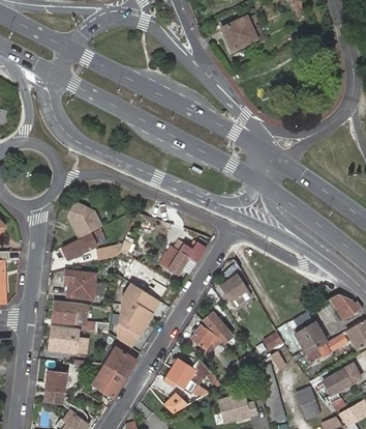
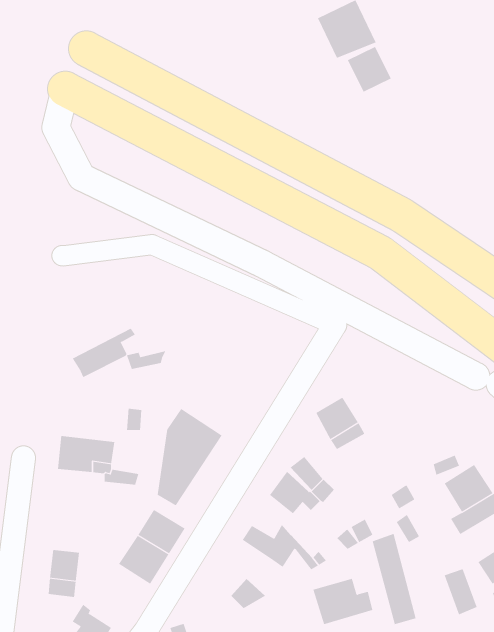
building: none -> [347,46,392,92]
building: [68,203,102,238] -> none
building: [167,241,205,275] -> none
building: [63,270,96,298] -> none
building: [49,326,87,353] -> none
building: [162,367,196,395] -> none

